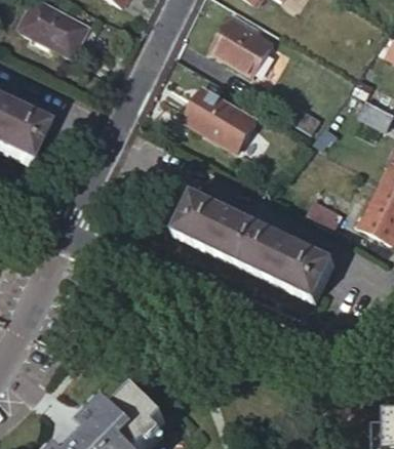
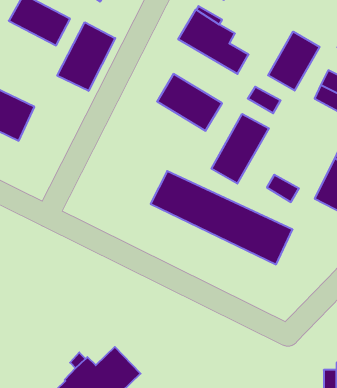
building: none -> [57,22,115,91]
building: none -> [268,32,320,91]
building: none -> [211,114,269,184]

